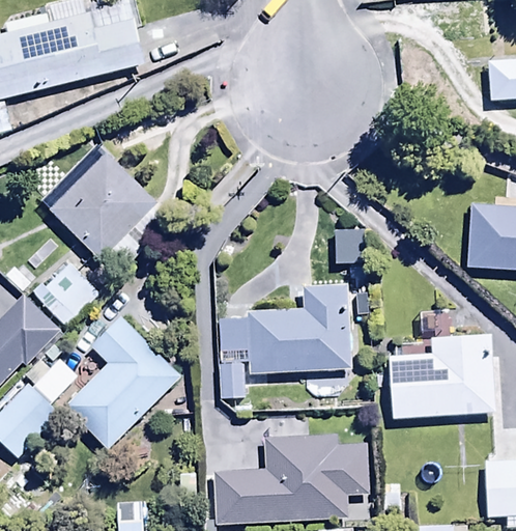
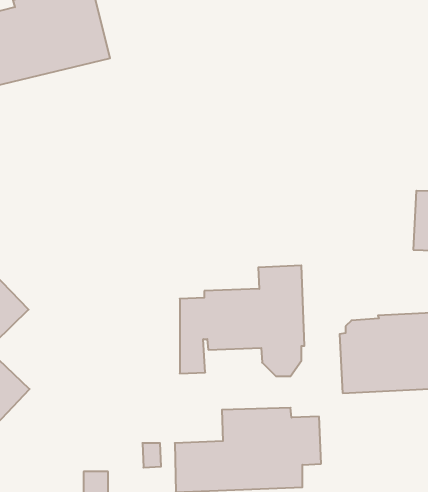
building: [47,152,168,272] -> none
building: [33,261,101,326] -> none
building: [62,315,181,450] -> none

